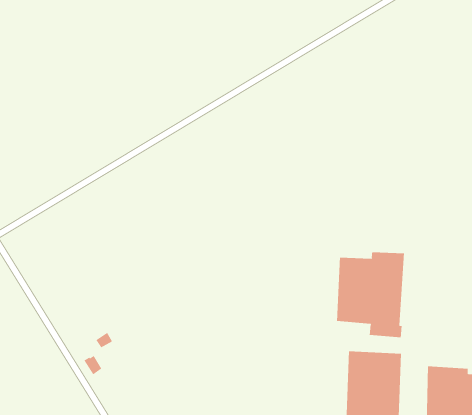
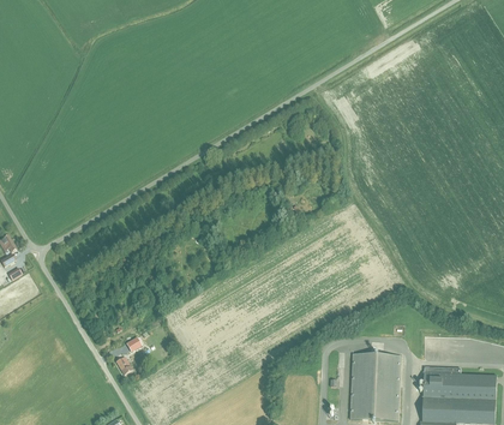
building: [336,252,405,338] -> none

